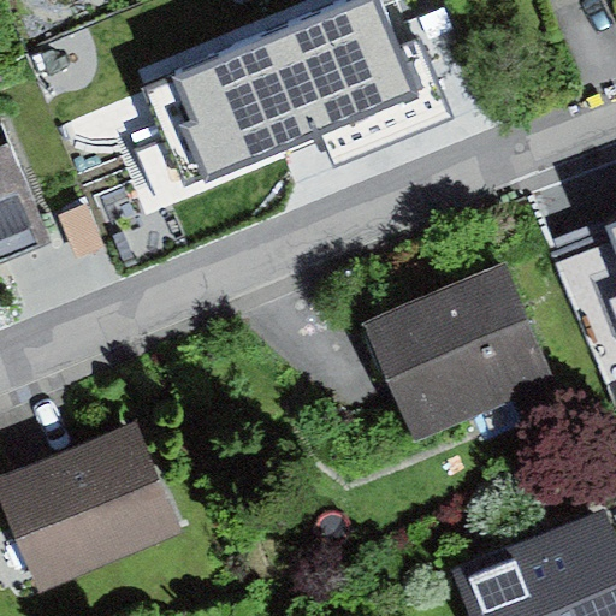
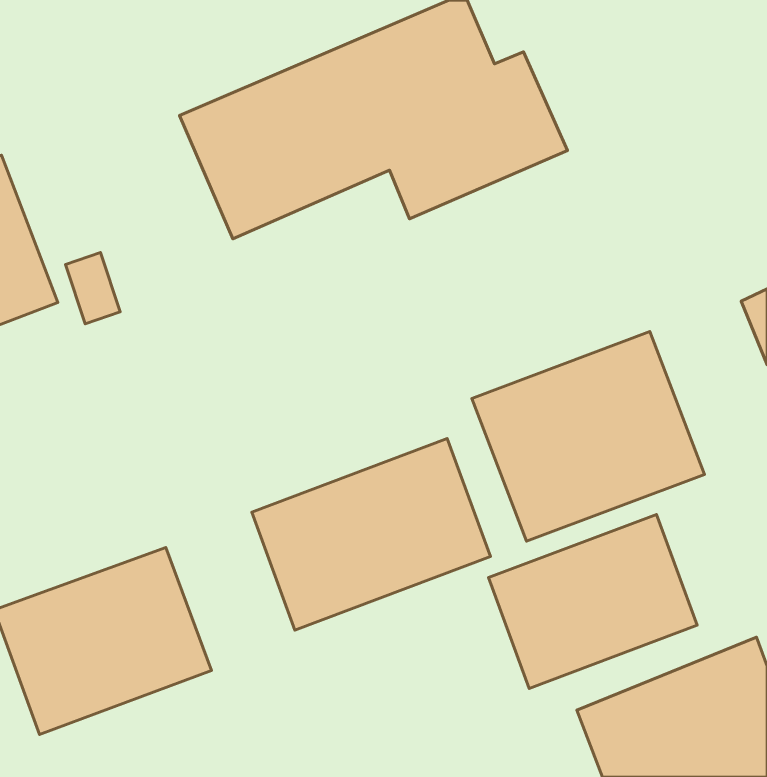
building: none -> [252,439,491,630]
building: none -> [488,515,697,688]

